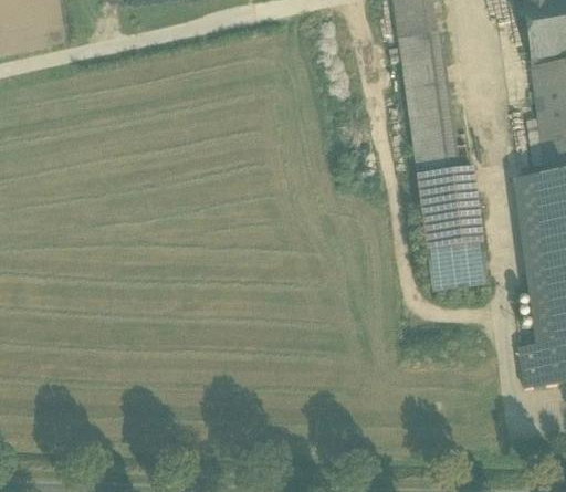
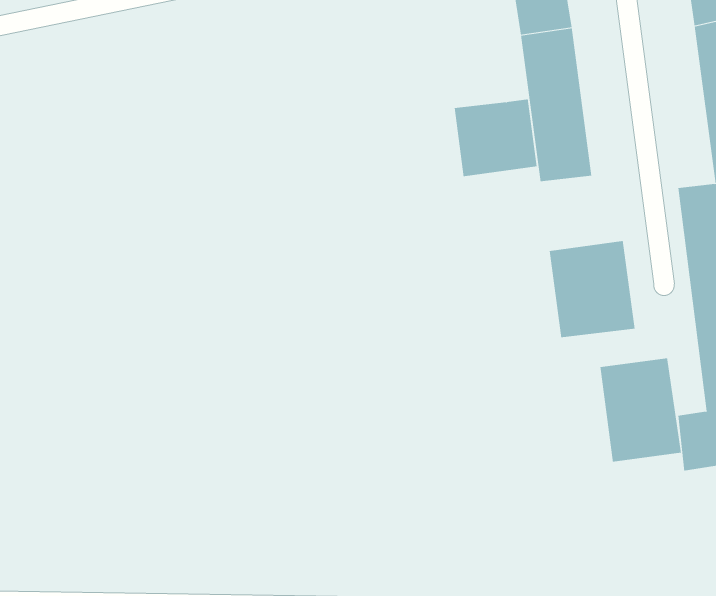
building: [417,163,479,220] -> [454,99,538,177]
building: none -> [600,357,682,462]

